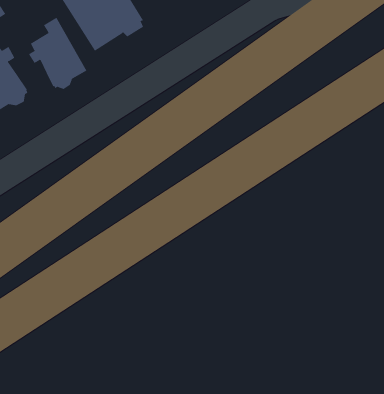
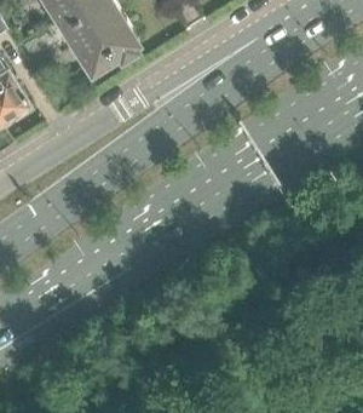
building: [28,17,87,90] -> none

